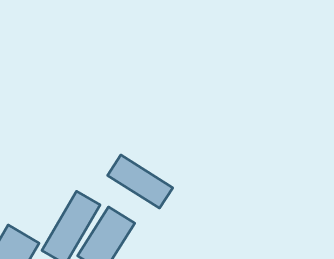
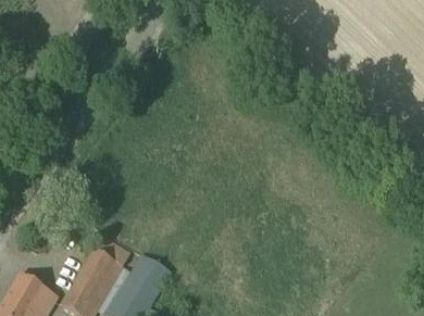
building: [107,155,173,208] -> none

